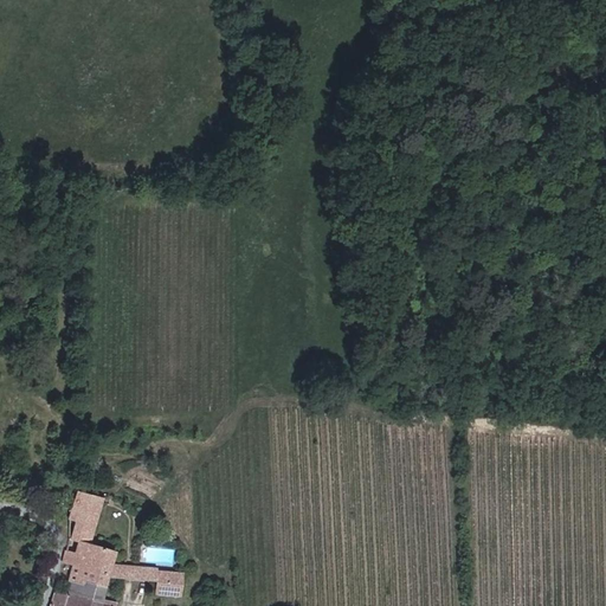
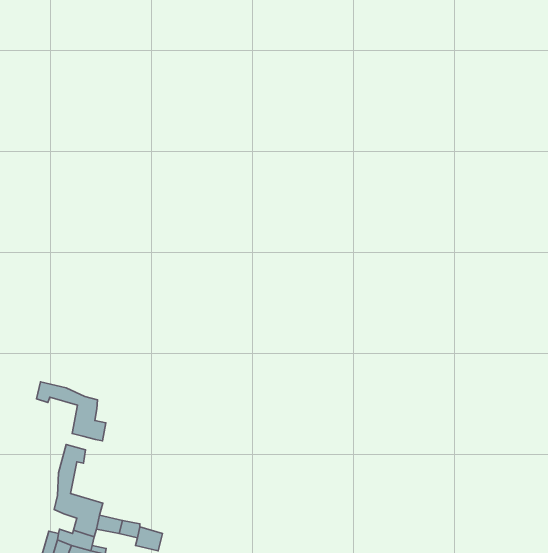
building: none -> [37,382,106,441]

